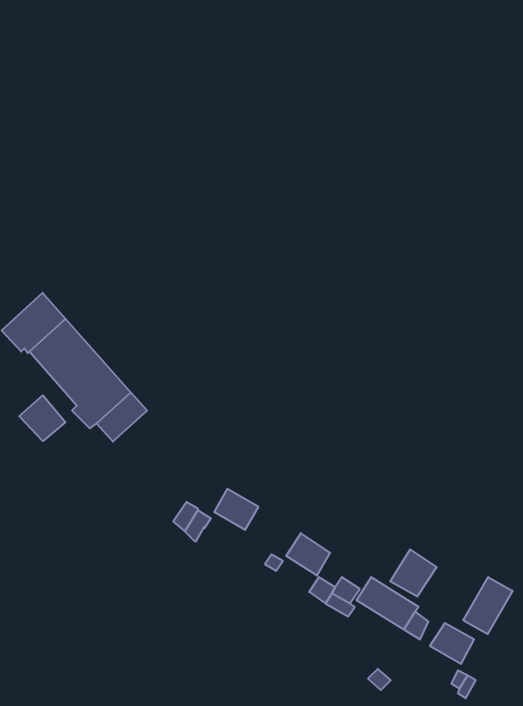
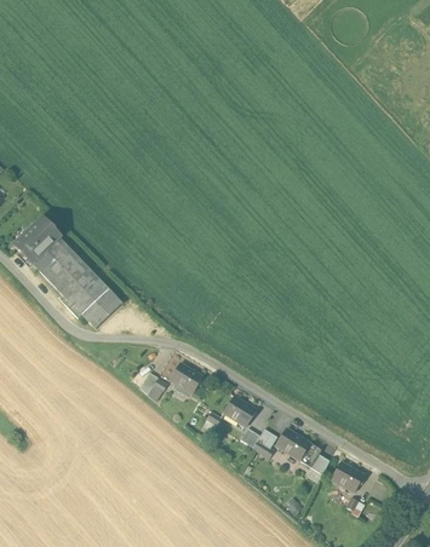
building: [19,395,65,441] -> none
building: [390,549,437,597] -> none
building: [463,577,513,634] -> none

